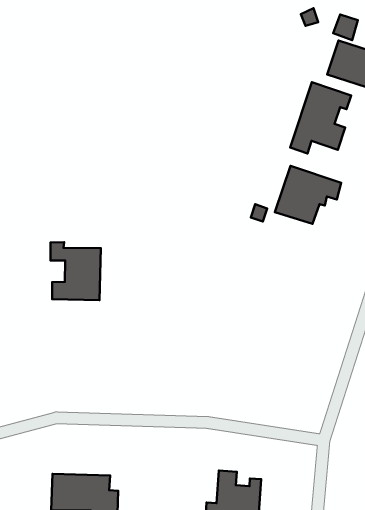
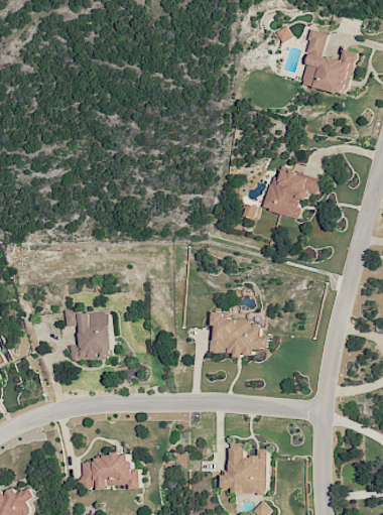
building: [290,82,351,153] -> none
building: [50,242,101,300] -> [65,308,112,360]
building: none -> [208,315,267,355]

